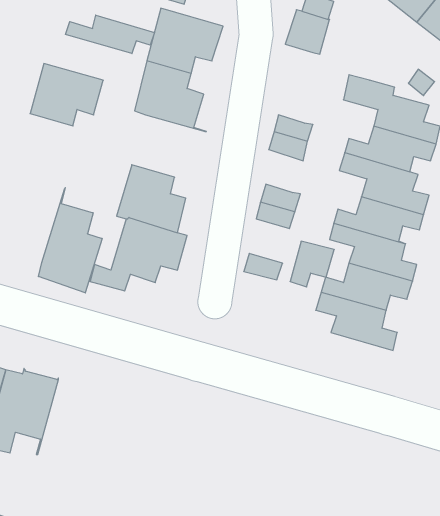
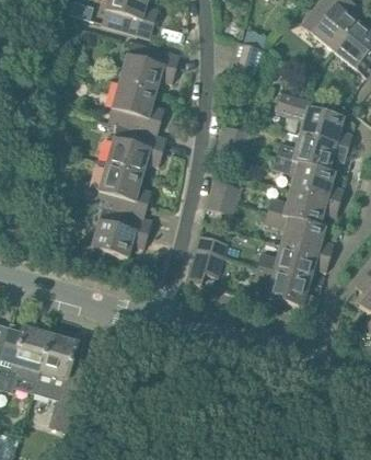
building: [66,15,154,54] -> none
building: [30,64,103,126] -> [107,125,165,174]
building: [38,188,102,293] -> none
building: [290,241,334,287] -> [187,249,222,285]
building: none -> [33,334,83,432]

